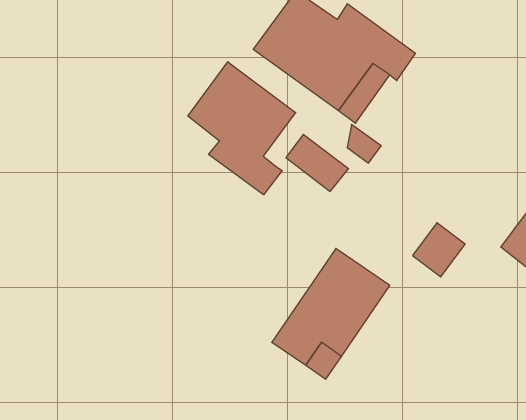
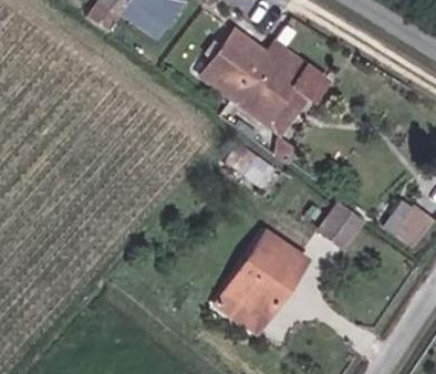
building: [188,62,296,195] -> none

